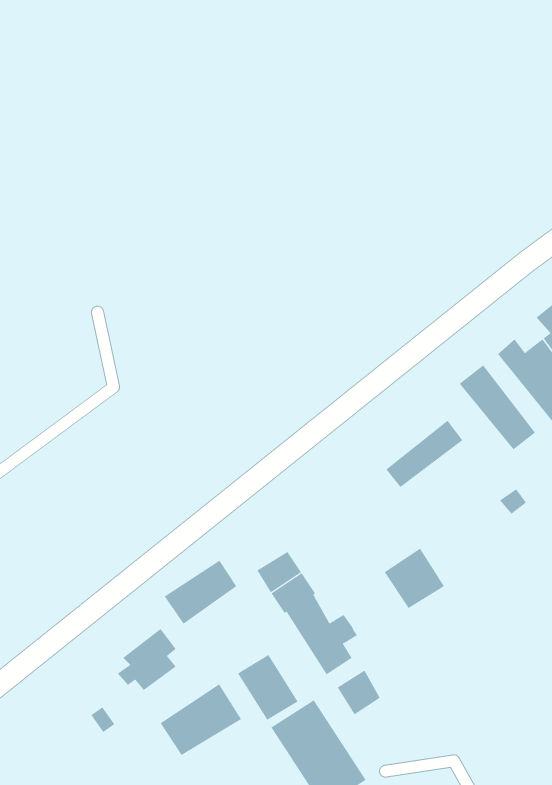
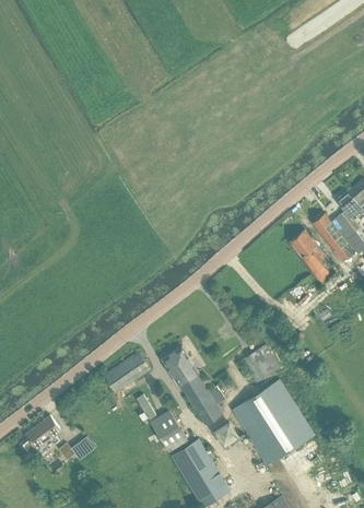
building: [386,420,463,488] -> none
building: none -> [232,380,314,465]
building: [117,628,177,691] -> [22,416,59,456]
building: [160,684,242,756] -> none

